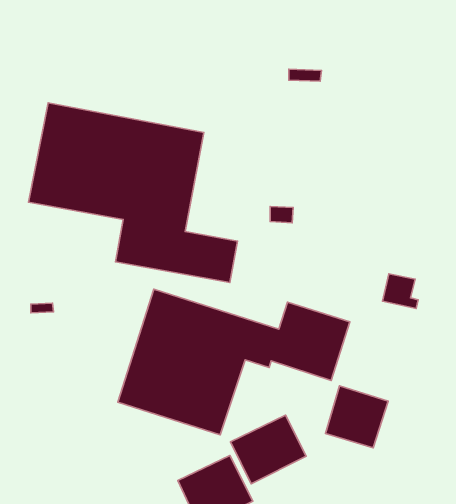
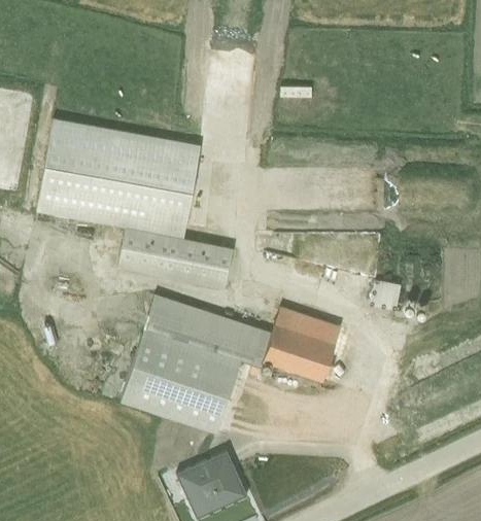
building: [325,386,388,448] -> none
building: [230,415,306,484] -> none

